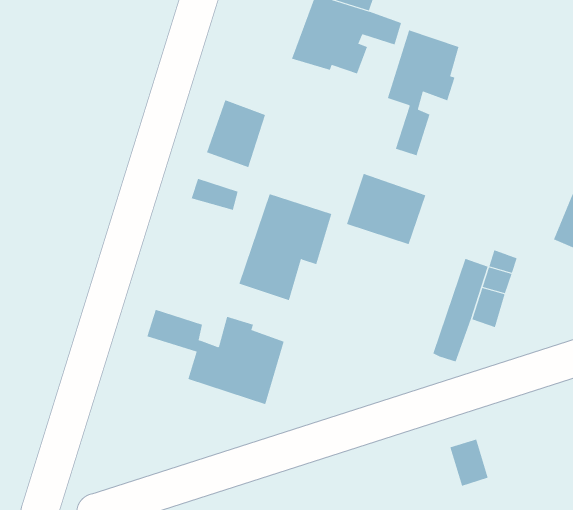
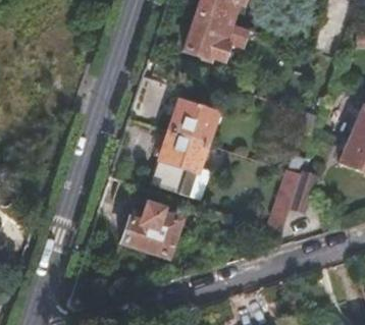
building: [387,29,459,156] -> none
building: [346,173,426,245] -> [170,101,218,144]

